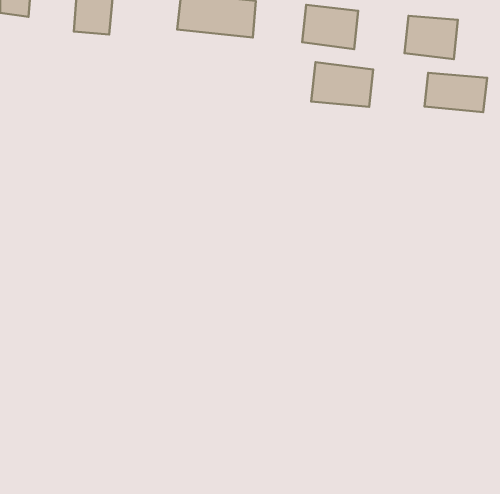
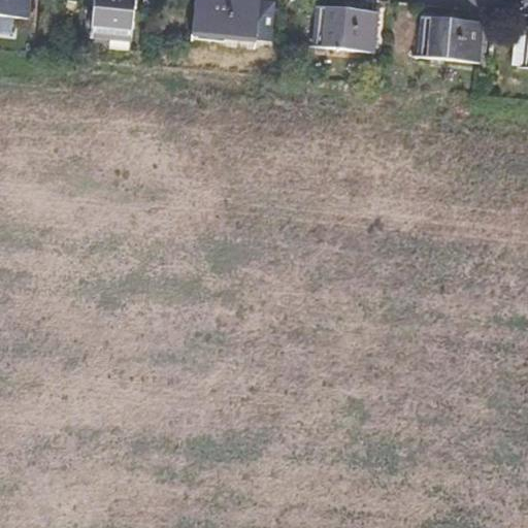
building: [311,62,373,107] -> none
building: [425,73,487,112] -> none

